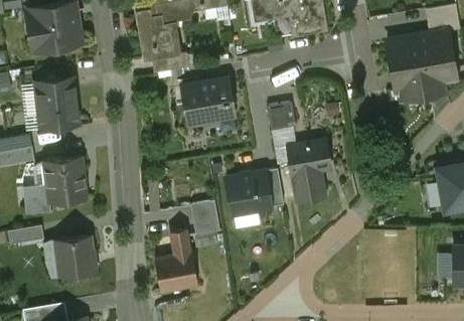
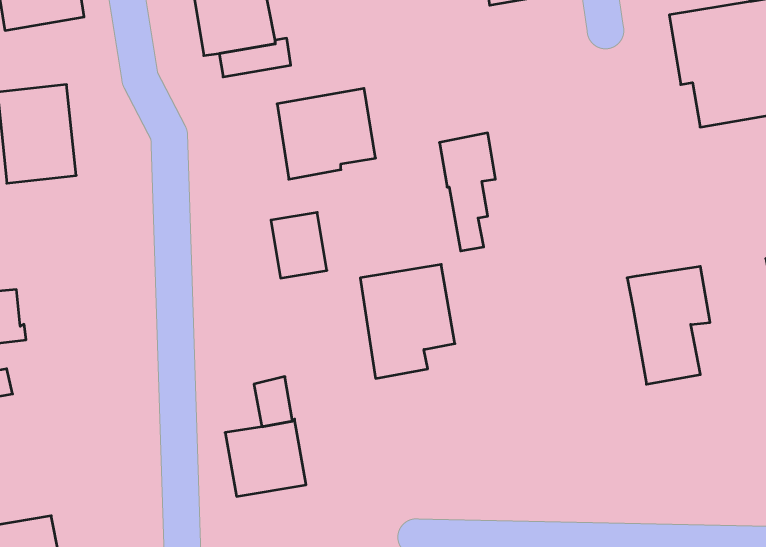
building: [287,141,330,202] -> [627,266,710,384]
building: [43,157,87,203] -> none
building: [190,201,219,235] -> [271,212,327,278]
building: [51,234,94,277] -> none

